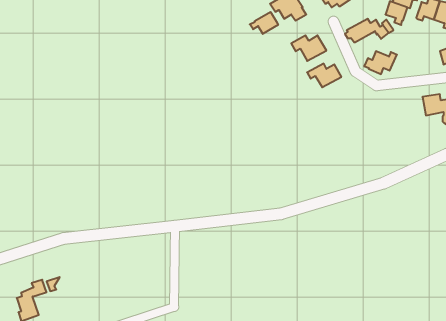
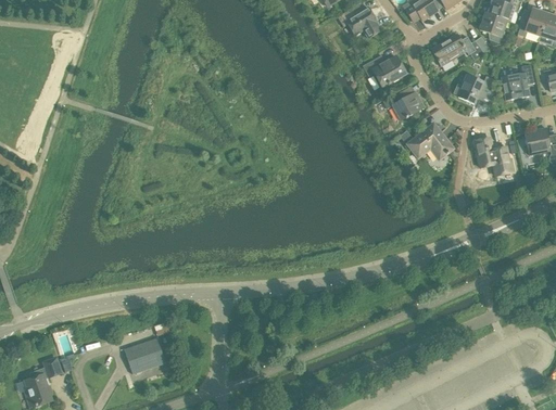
building: [250,12,278,34] -> none
building: none -> [501,64,534,100]
building: none -> [406,123,454,159]
building: none -> [475,137,514,175]
building: none -> [124,337,165,373]

